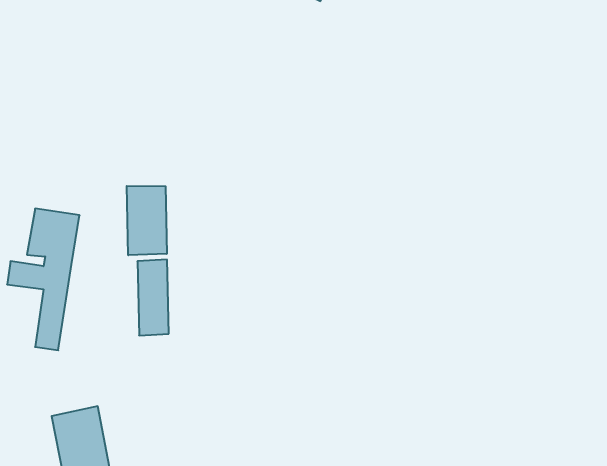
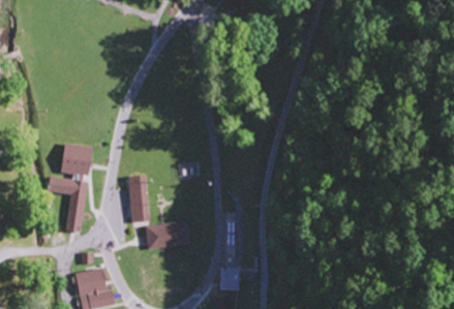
building: [127,186,167,255] -> none
building: none -> [146,222,190,249]

